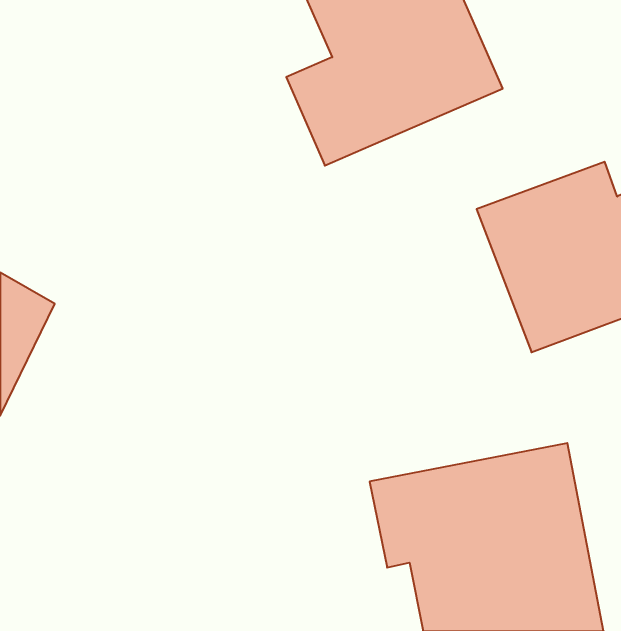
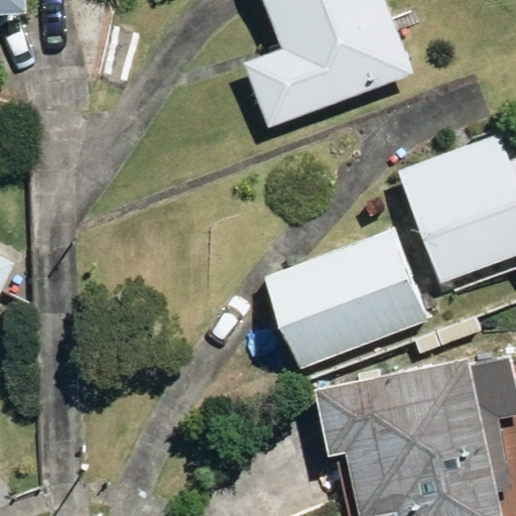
building: none -> [263,227,429,373]

